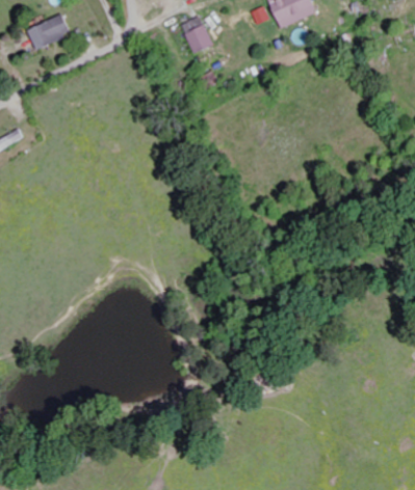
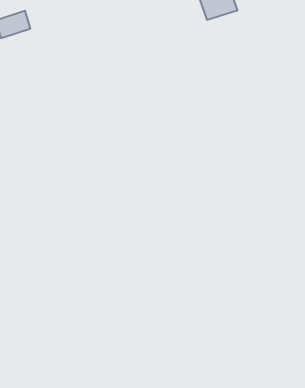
building: [181,16,213,54] -> none

